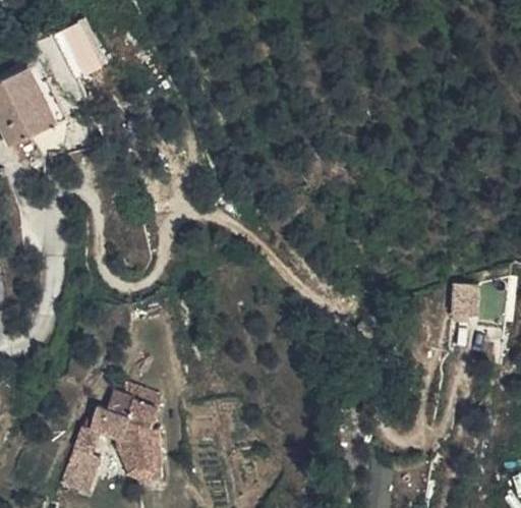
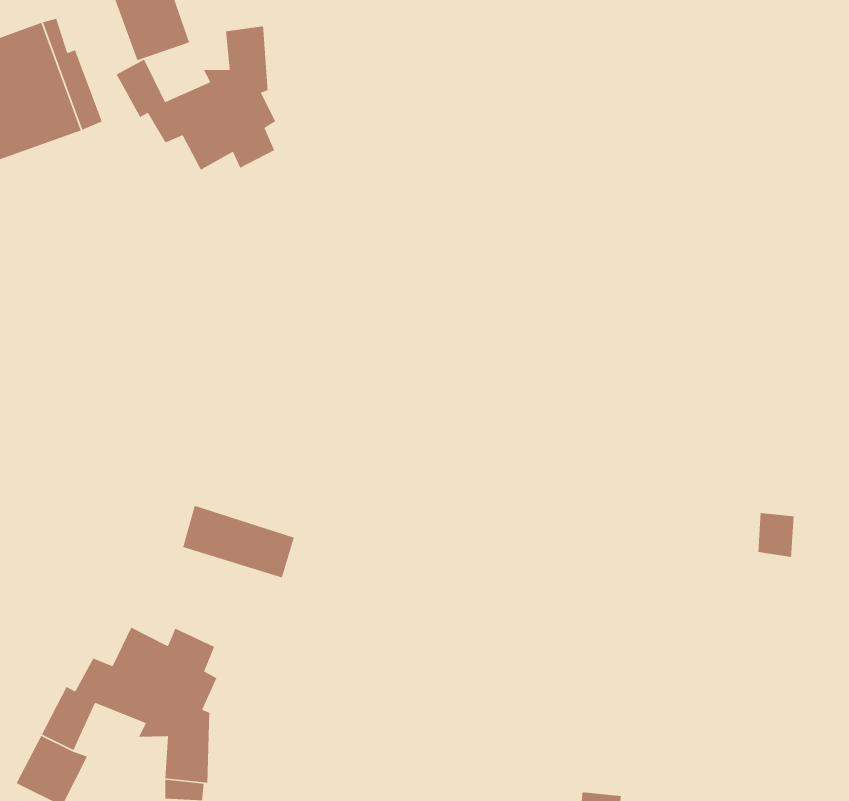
building: none -> [115,25,276,171]
building: none -> [182,505,295,578]

